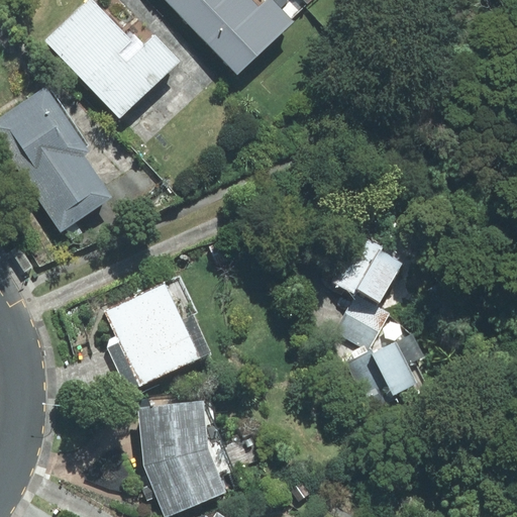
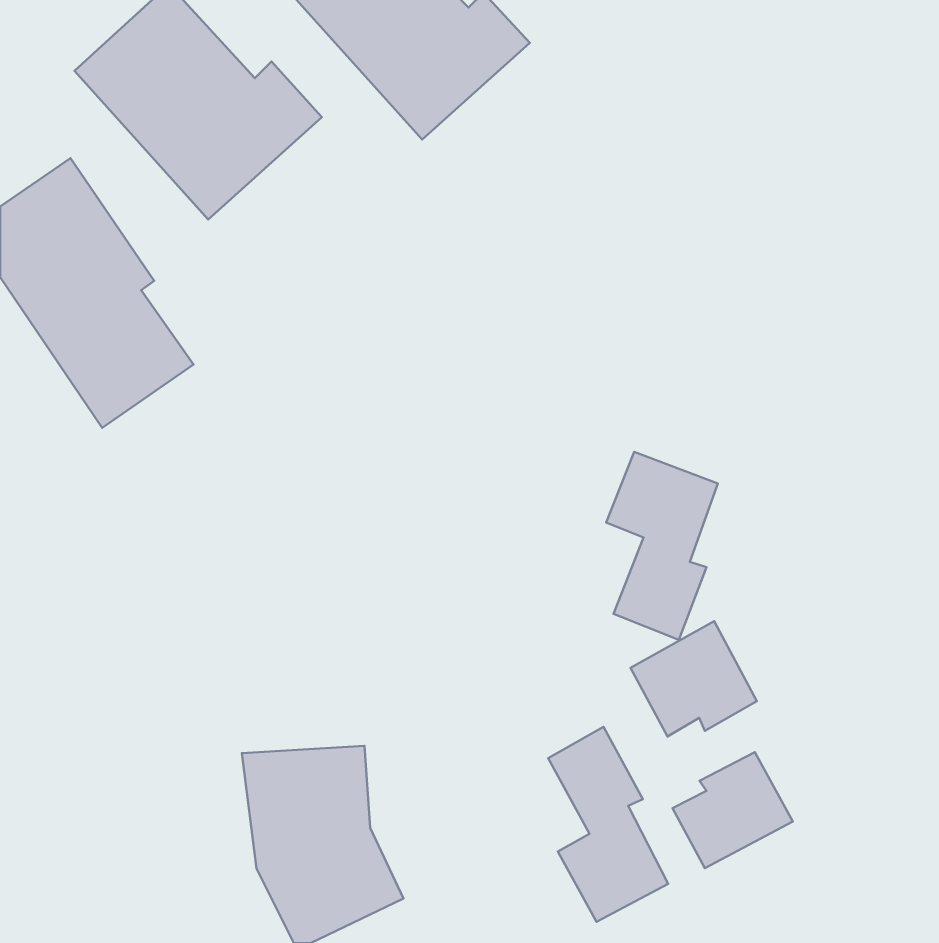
building: [105,276,210,385] -> none
building: none -> [548,727,668,922]
building: none -> [672,752,793,868]

